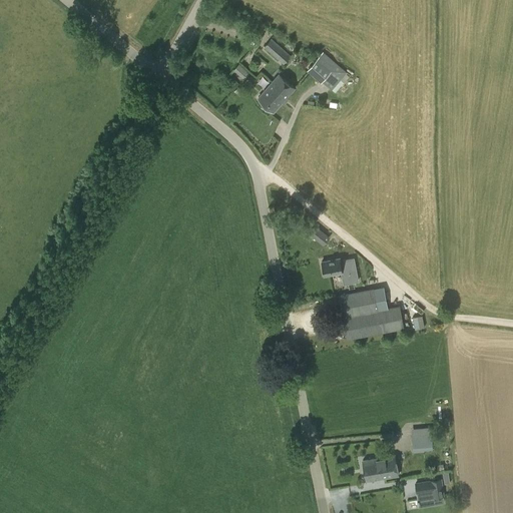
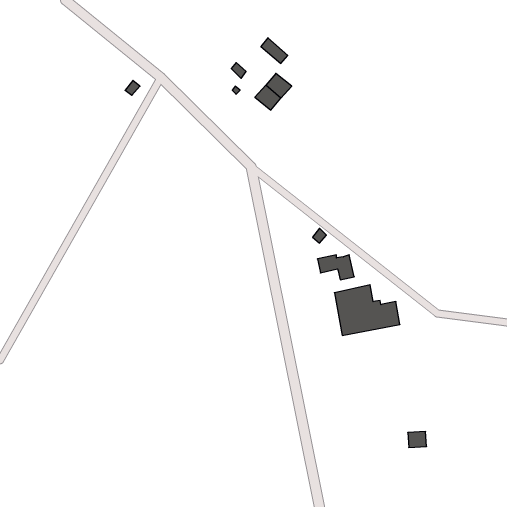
building: [307,54,345,90] -> none
building: [363,452,399,481] -> none
building: [416,480,443,499] -> none

